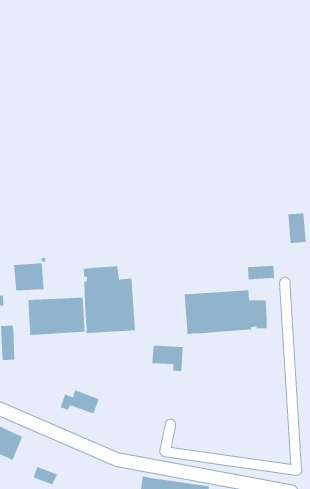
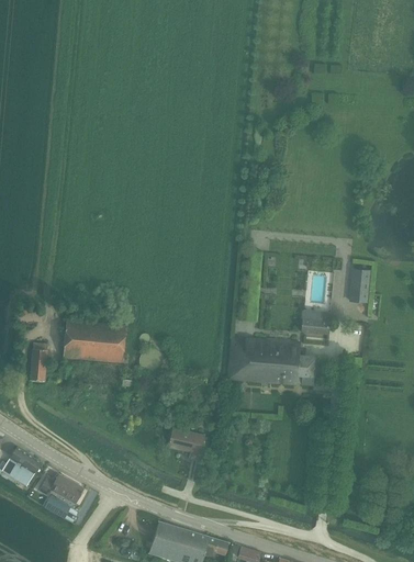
building: [13,257,46,291] -> none
building: [83,265,136,334] -> none
building: [152,345,184,372] -> [168,427,204,460]
building: [59,389,100,414] -> [40,473,83,503]

